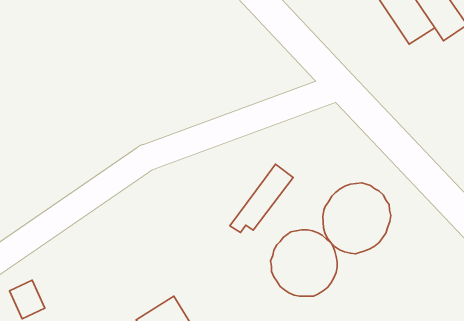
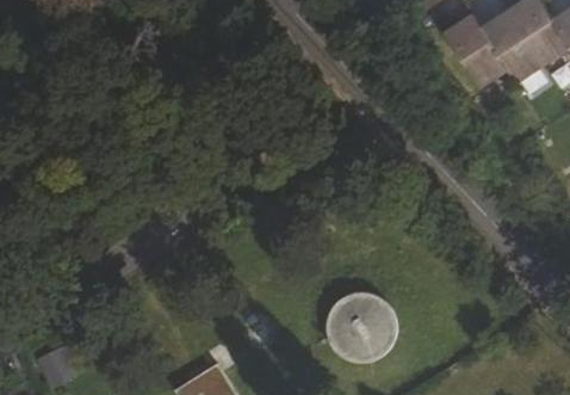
building: [230,164,293,233] -> none
building: [323,183,391,254] -> none

